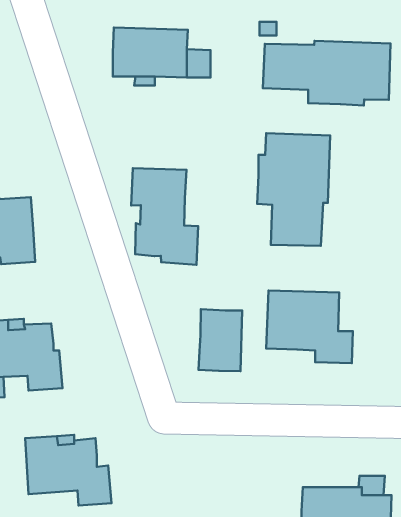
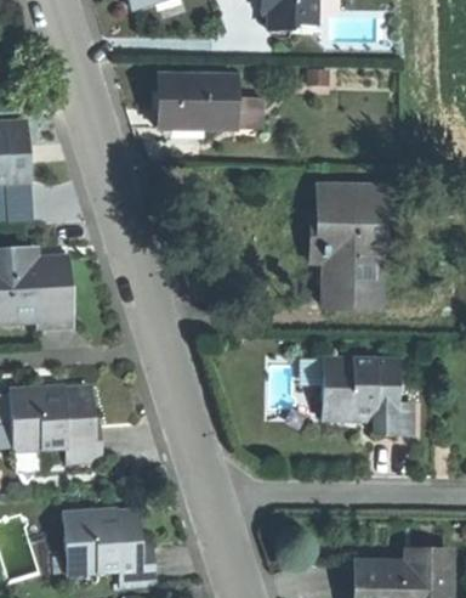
building: [263,41,391,105] -> none
building: [131,168,198,265] -> none
building: [198,309,242,371] -> none

